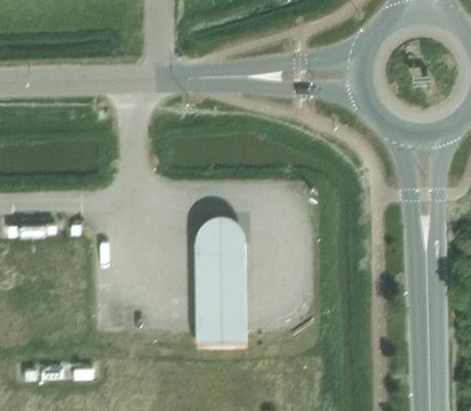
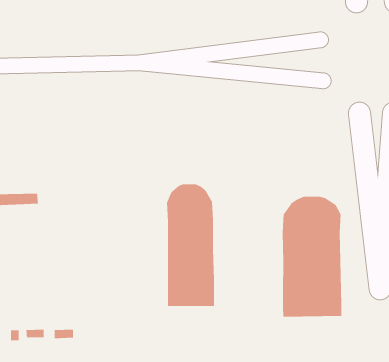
building: none -> [282,196,342,318]

